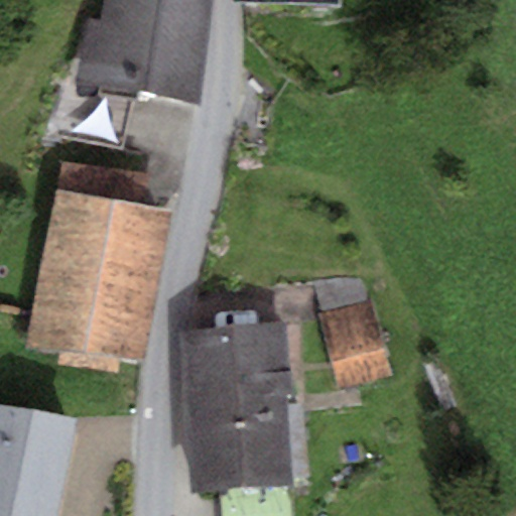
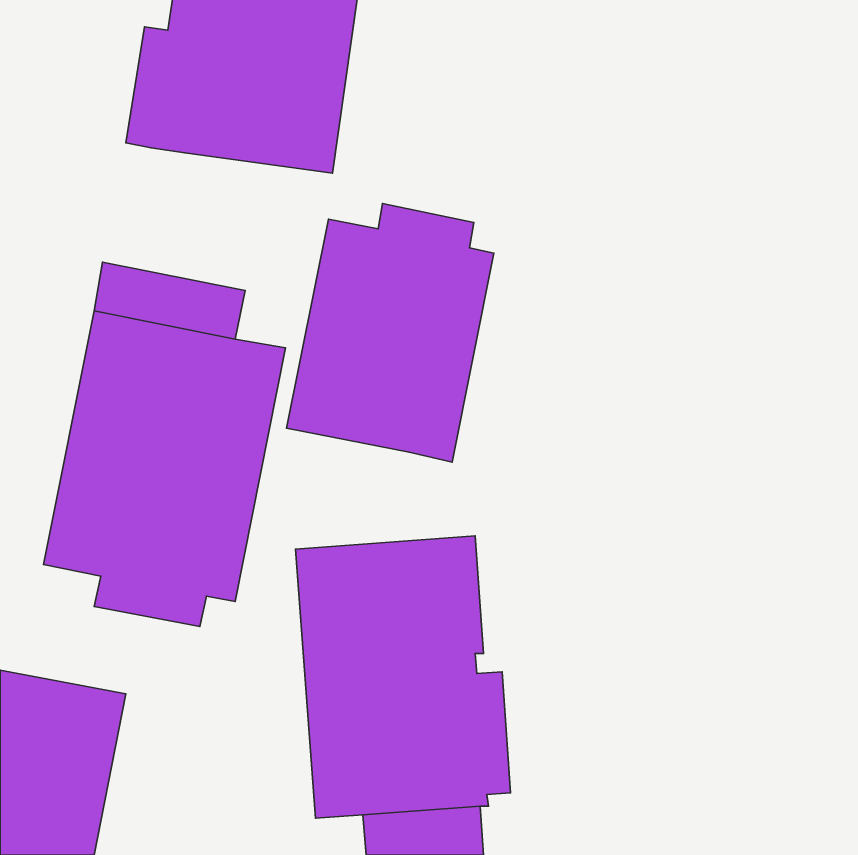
building: none -> [287,204,494,462]
building: [319,301,391,389] -> none

